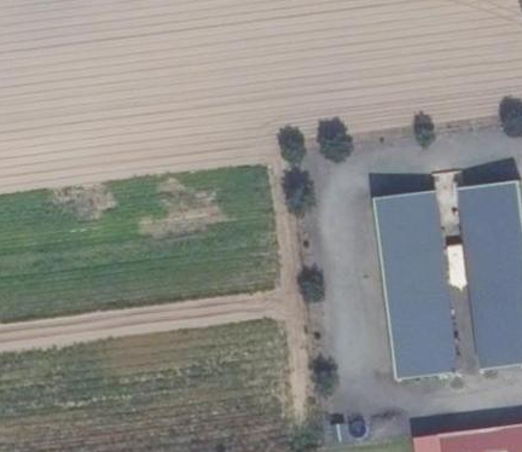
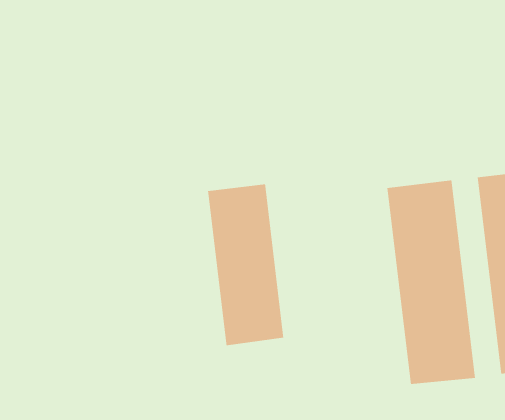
building: none -> [208,184,284,346]

